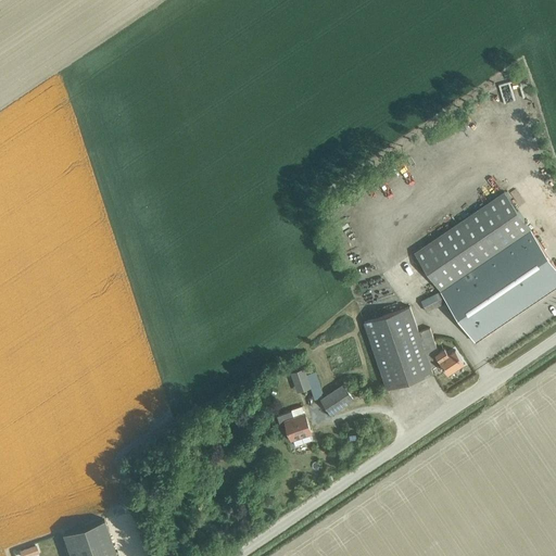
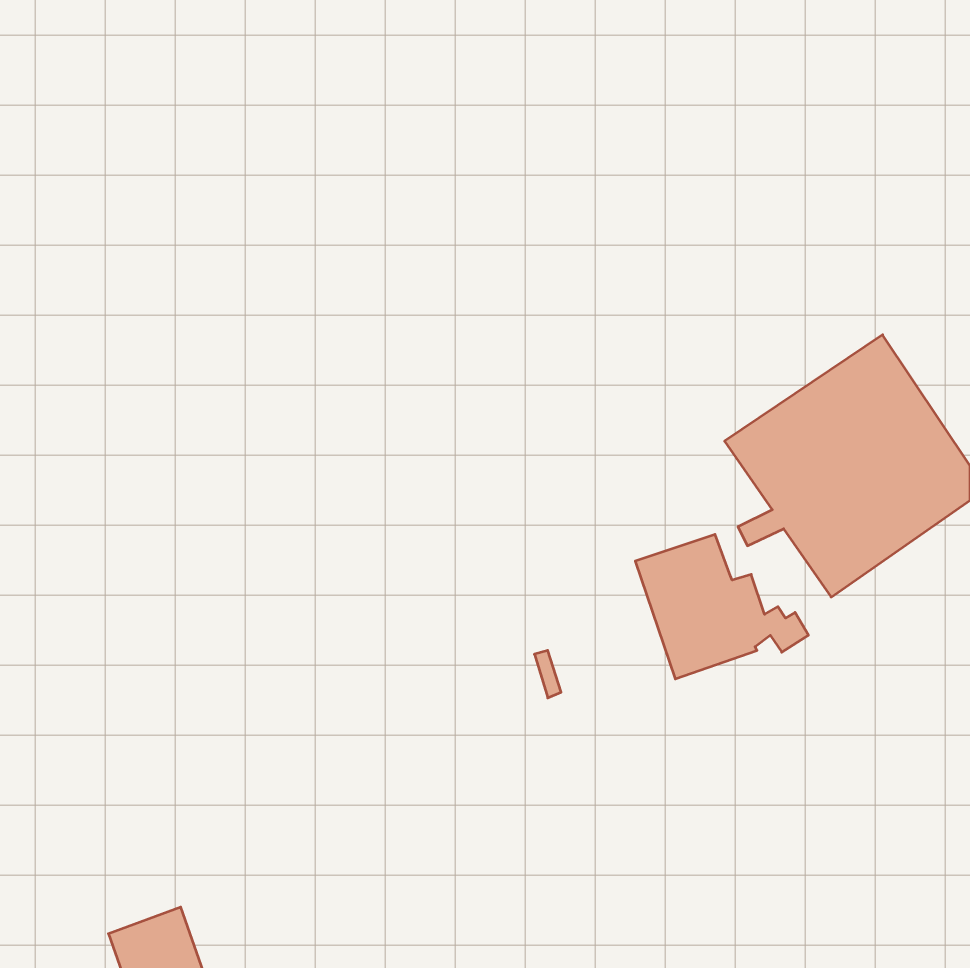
building: [320,387,352,415] -> none
building: [276,412,311,446] -> none

